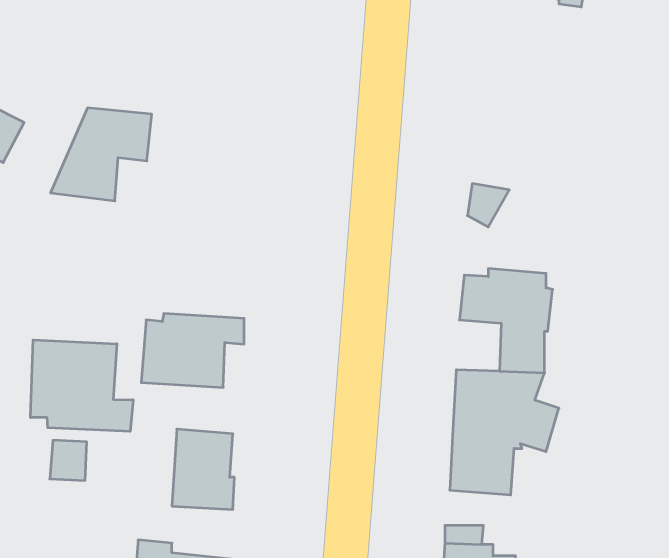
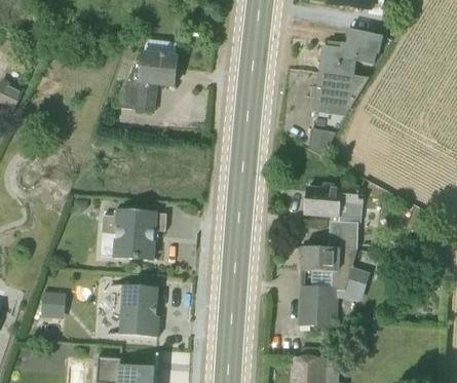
building: none -> [310,28,382,116]
building: [51,108,152,201] -> [112,51,177,111]
building: [31,340,133,431] -> none

